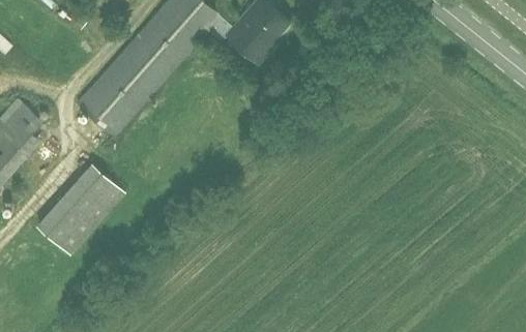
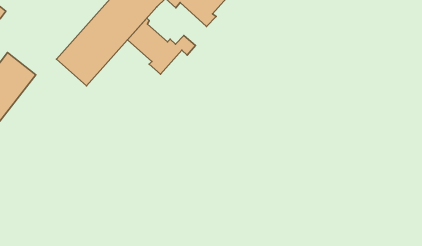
building: none -> [128,18,195,74]
building: [35,162,123,248] -> none

